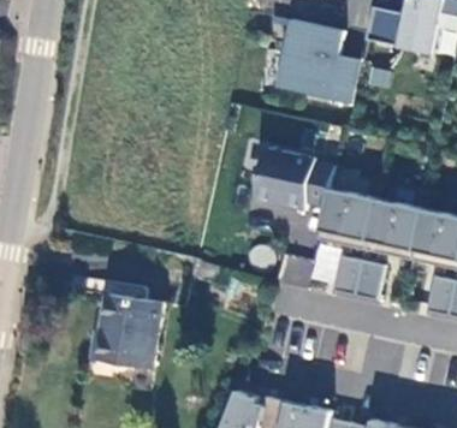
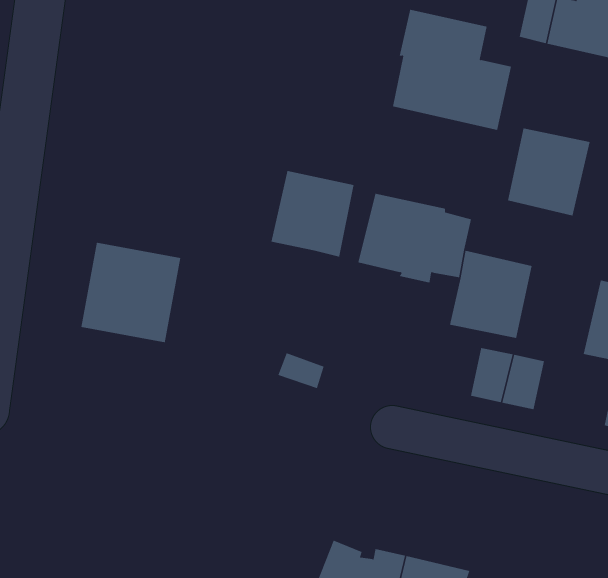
building: none -> [271,170,354,258]
building: [364,196,422,257] -> [507,128,590,216]
building: [94,291,164,361] -> [81,242,181,343]

